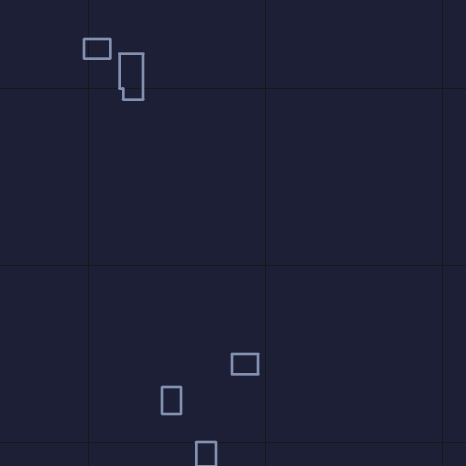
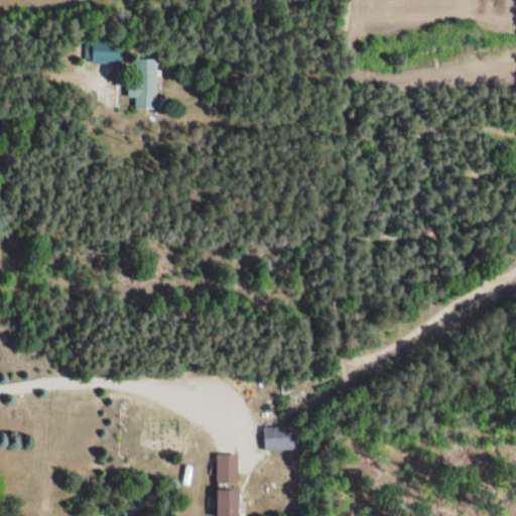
building: [232,354,258,374] -> [263,427,292,449]
building: [162,387,181,414] -> [217,456,238,485]

